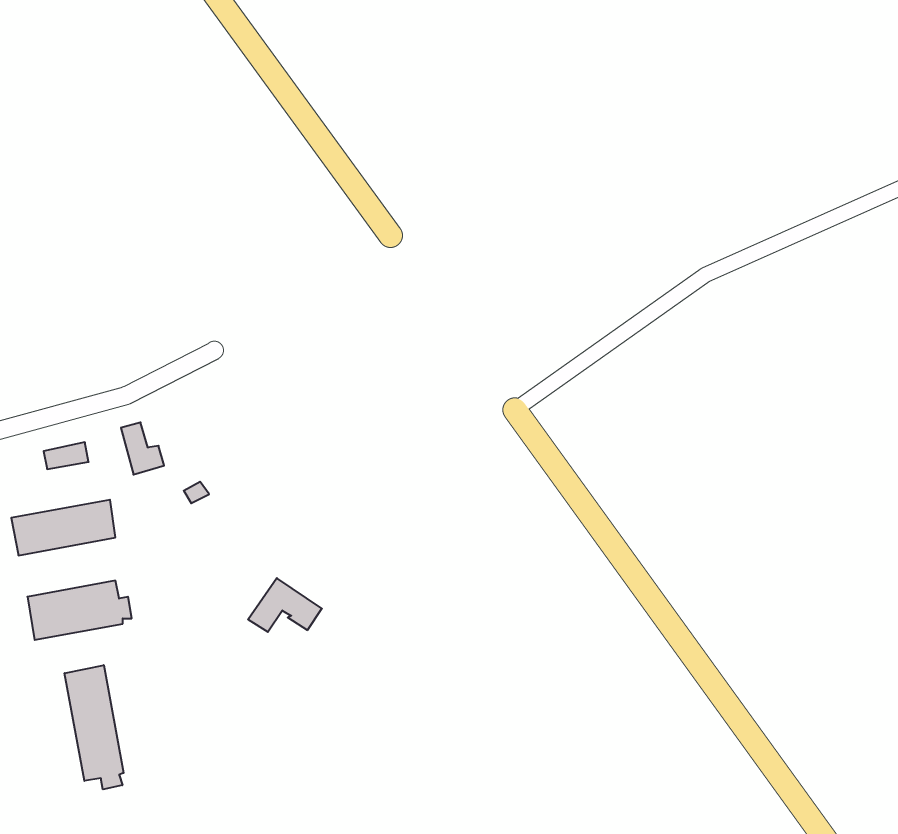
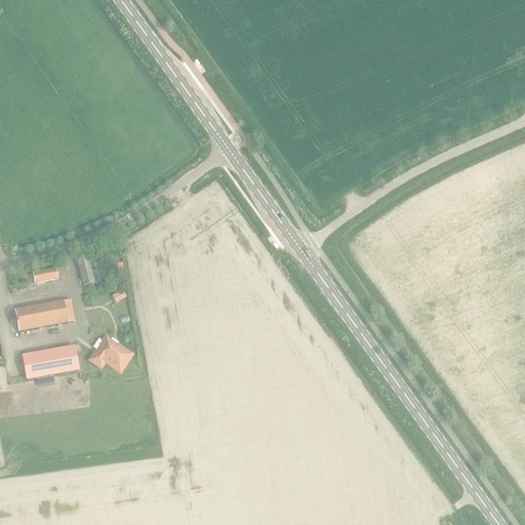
building: [248,578,322,632] -> [89,335,131,366]
building: [65,665,124,789] -> none

